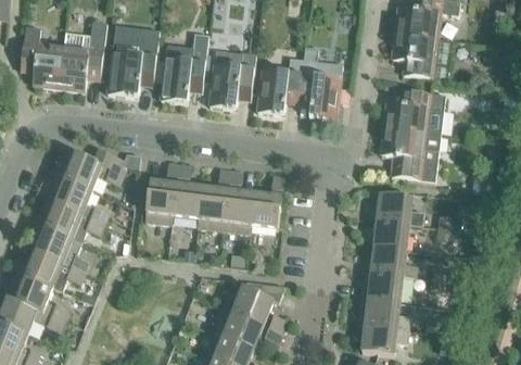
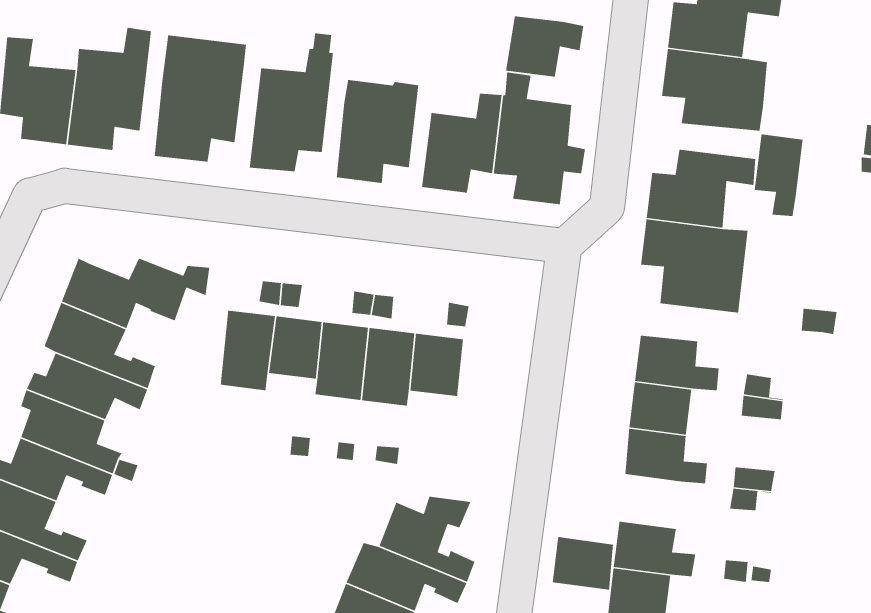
building: none -> [505,16,584,77]
building: none -> [754,133,804,217]
building: [368,272,403,302] -> [552,536,614,591]

